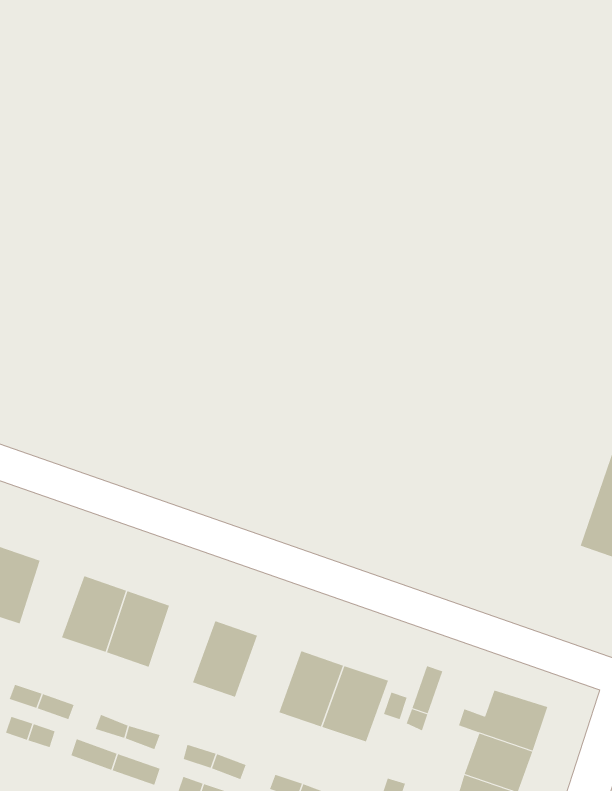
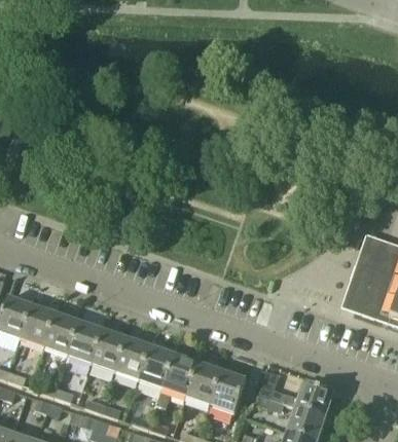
building: none -> [42,312,77,355]
building: none -> [113,337,149,379]
building: none -> [160,354,196,396]

